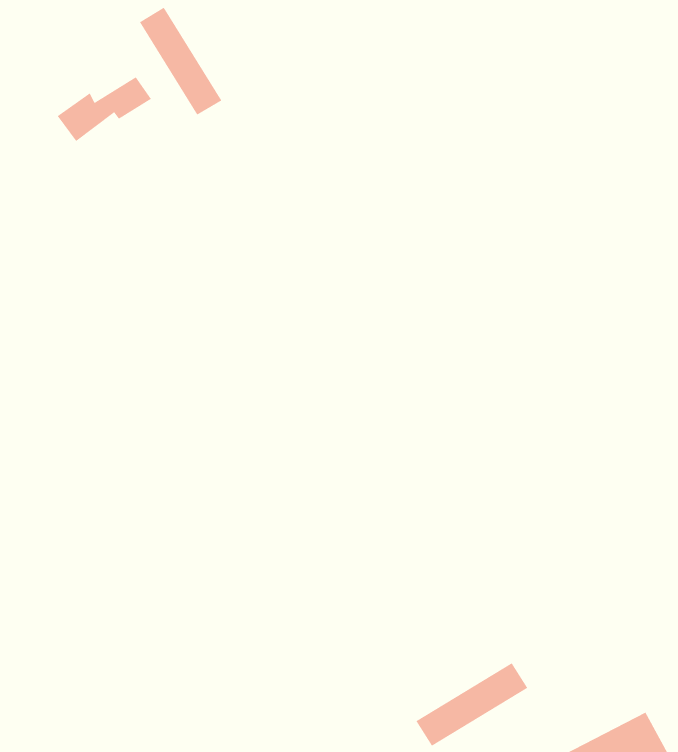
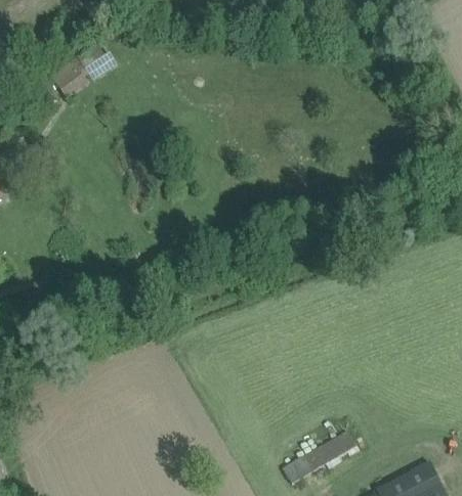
building: [139,7,222,116] -> none

